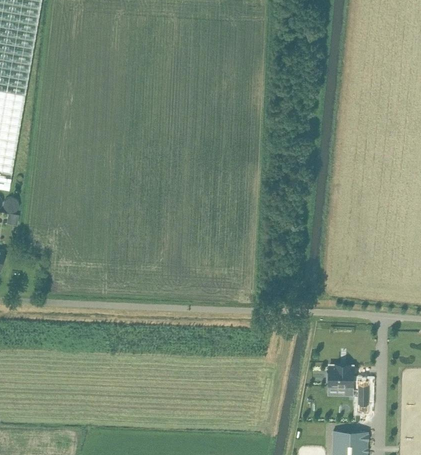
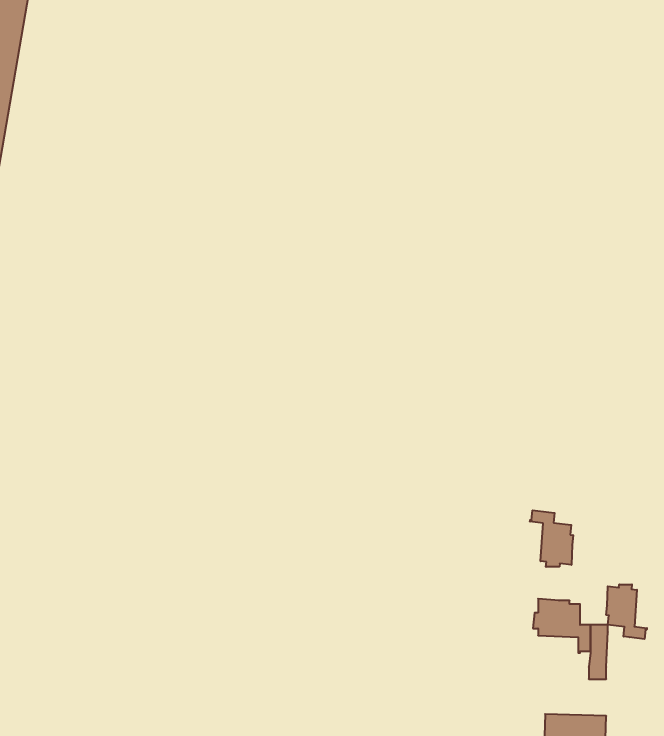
building: none -> [530,510,573,567]
building: none -> [606,584,647,639]

